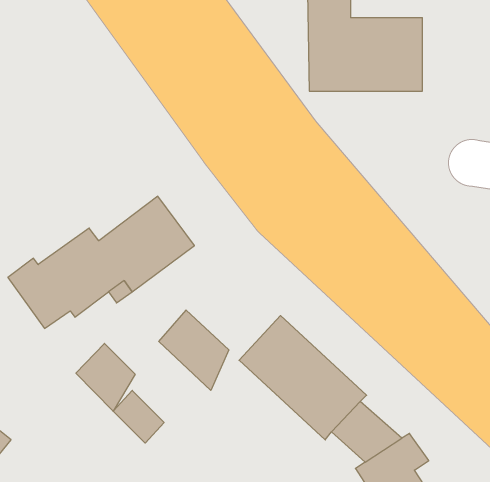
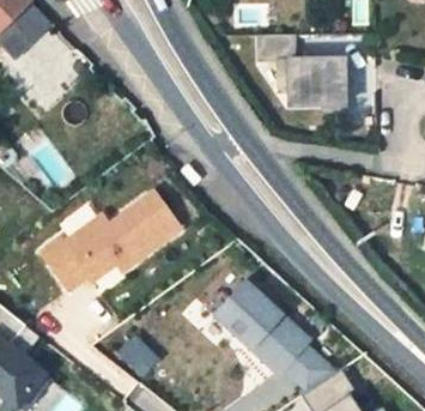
building: [159,310,229,390] -> none
building: [76,343,135,411] -> none

